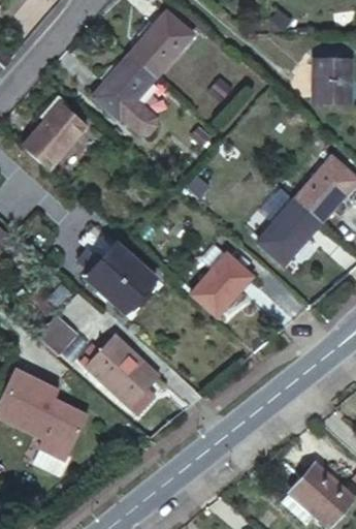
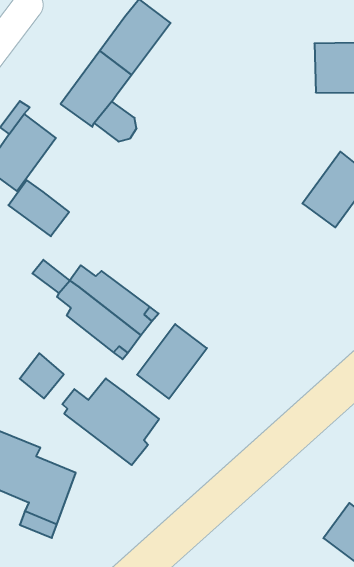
building: none -> [8,180,69,236]
building: [259,197,322,263] -> none
building: [190,252,252,316] -> [137,324,207,399]

